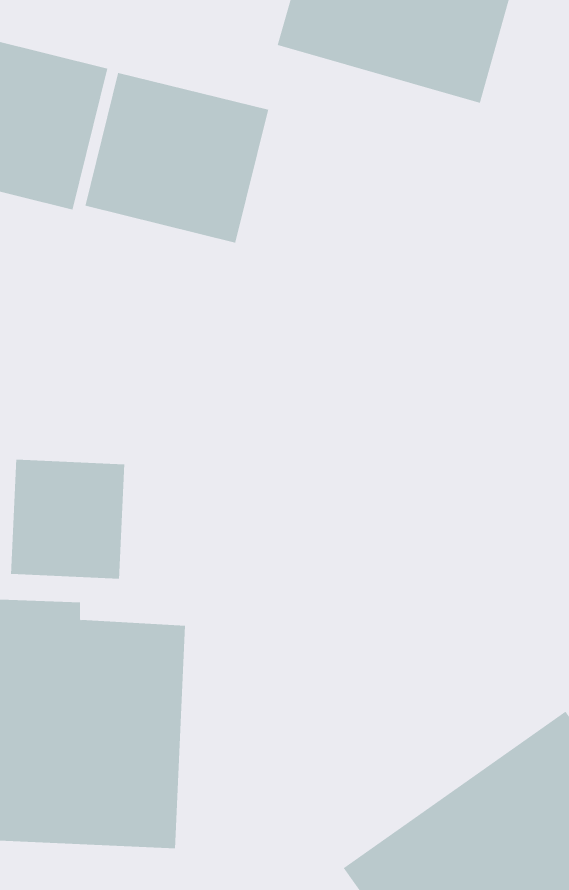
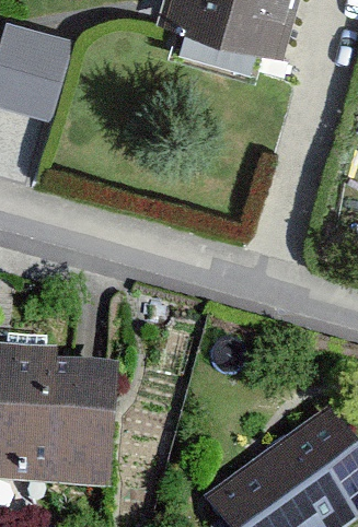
building: [85,72,269,244] -> none
building: [11,459,125,579] -> none

